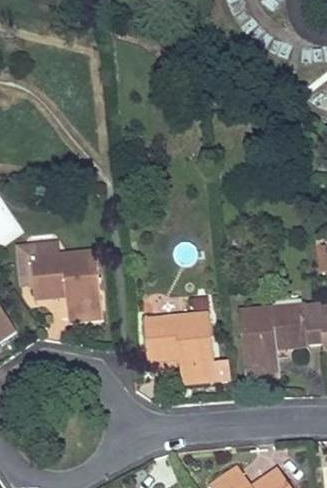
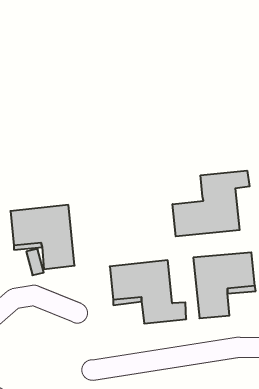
building: none -> [173,171,250,236]

